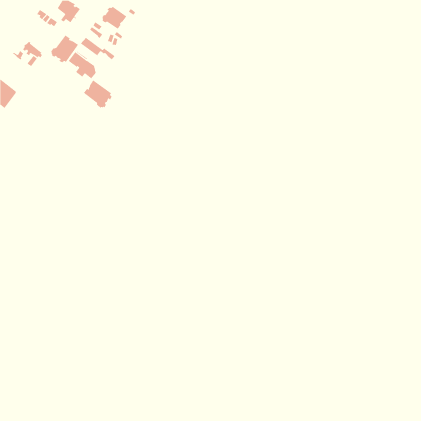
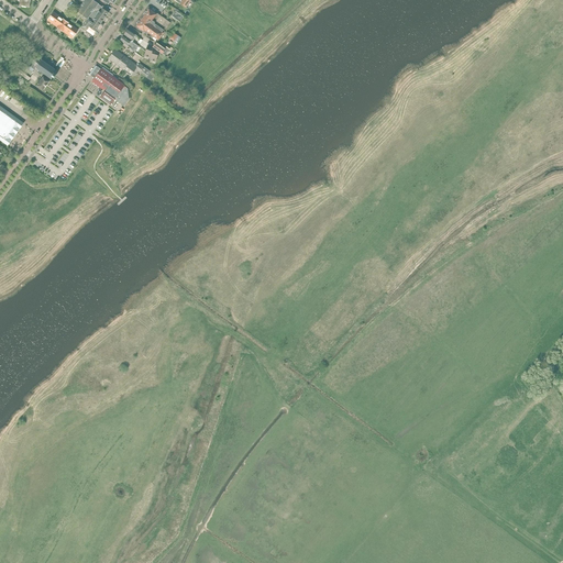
building: [50,34,79,63] -> none
building: [83,80,112,109] -> none

